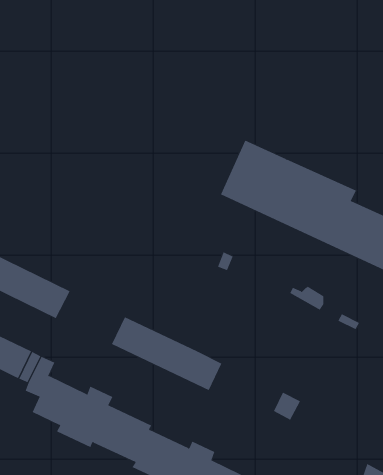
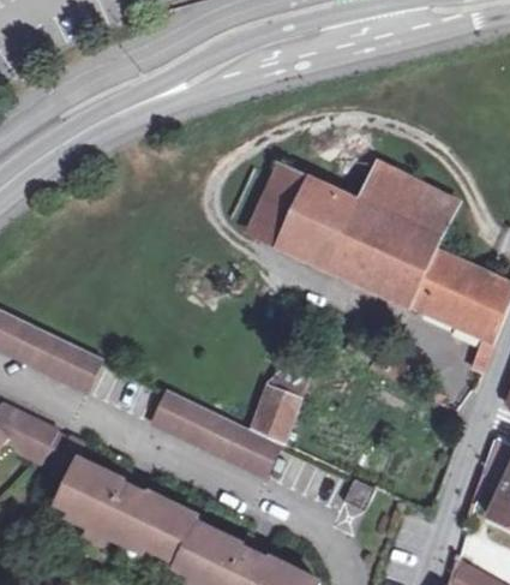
building: none -> [356,162,455,240]
building: none -> [250,168,307,245]
building: none -> [252,387,299,444]

